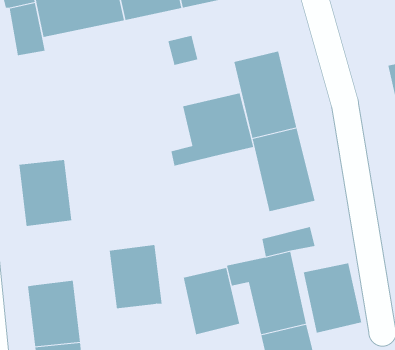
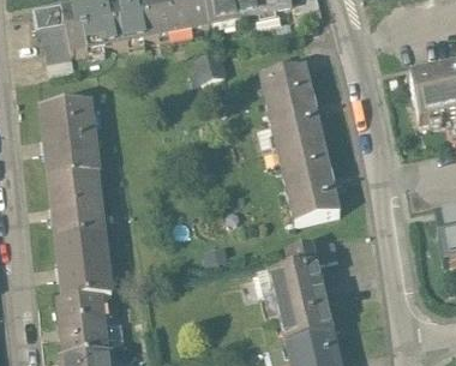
building: none -> [40,97,98,173]
building: [171,92,254,166] -> none
building: [109,244,163,309] -> [55,228,108,292]
building: [303,262,362,333] -> none
building: [183,267,240,335] -> none

